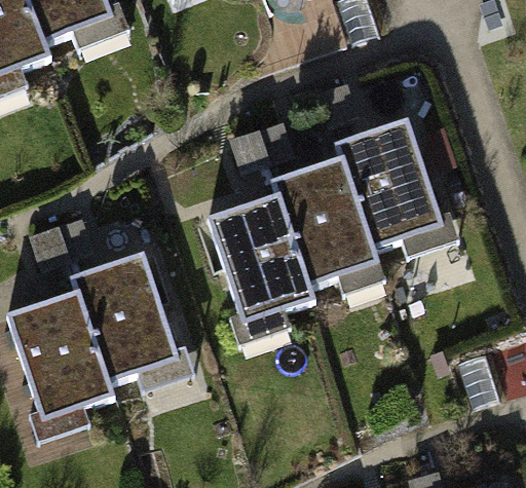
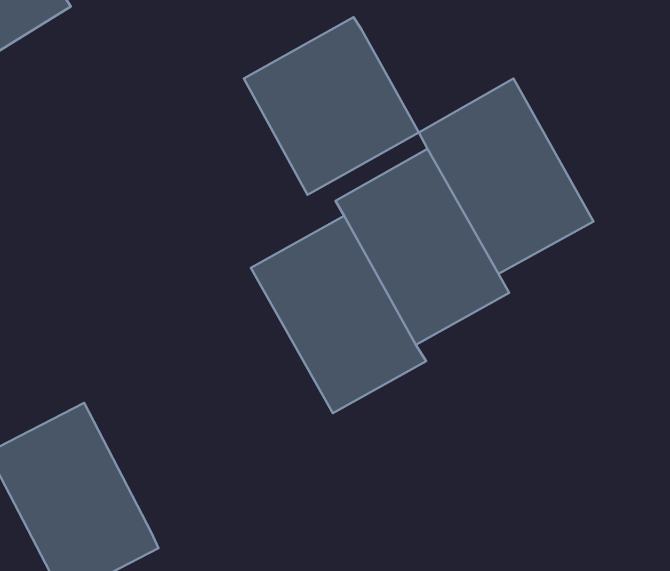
building: none -> [244,17,419,195]
building: [73,254,179,386] -> none

